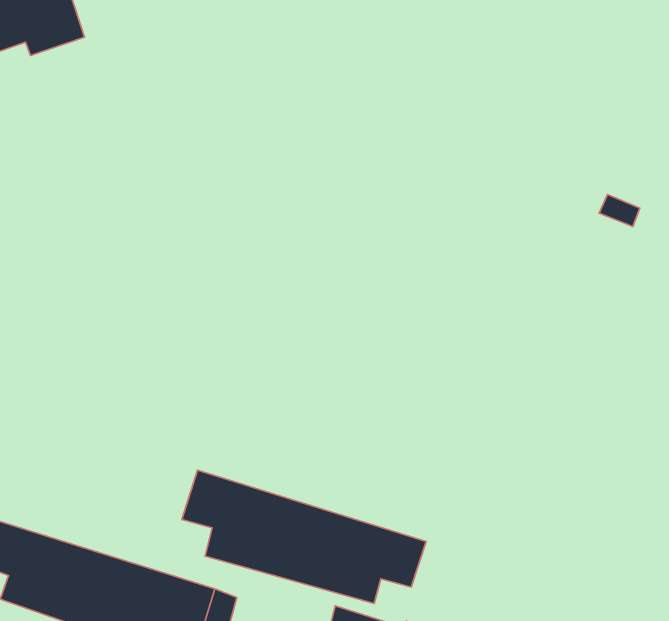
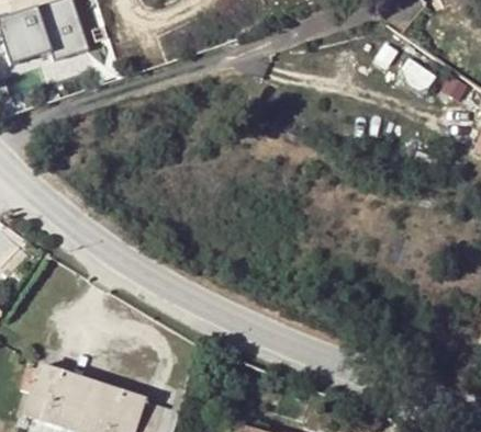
building: [182,470,426,603] -> none

